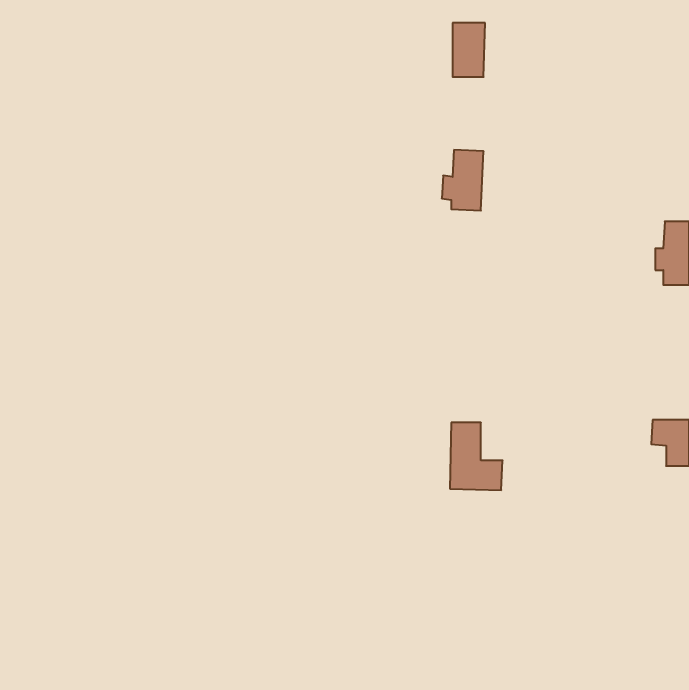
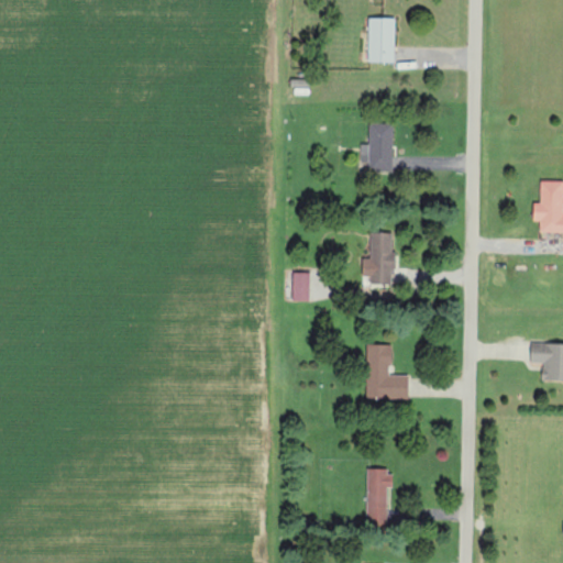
building: none -> [362,231,395,289]
building: none -> [291,272,310,300]
building: none -> [365,468,390,525]

